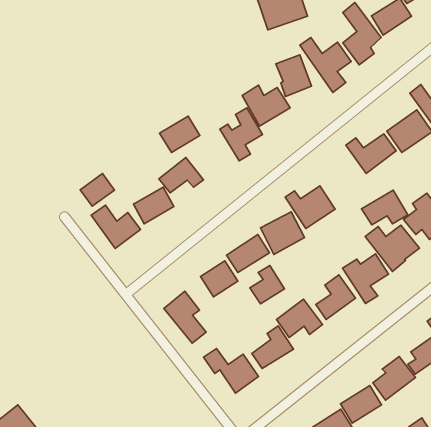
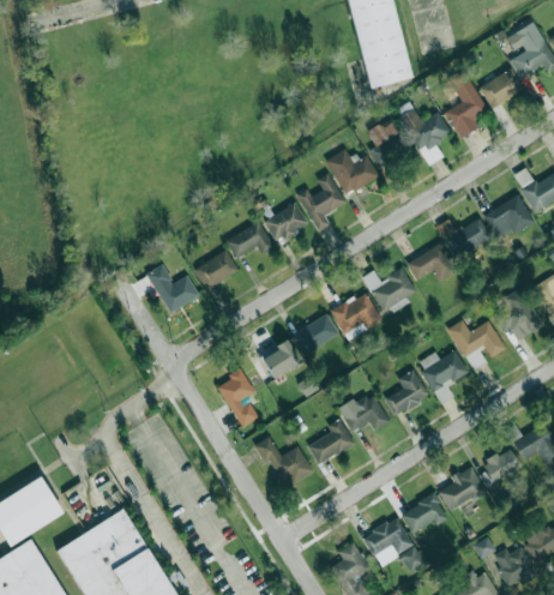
building: [160,116,200,153] -> [264,203,308,241]
building: [80,174,115,206] -> none
building: [362,190,408,225] -> [407,244,457,281]
building: [250,265,285,304] -> none

